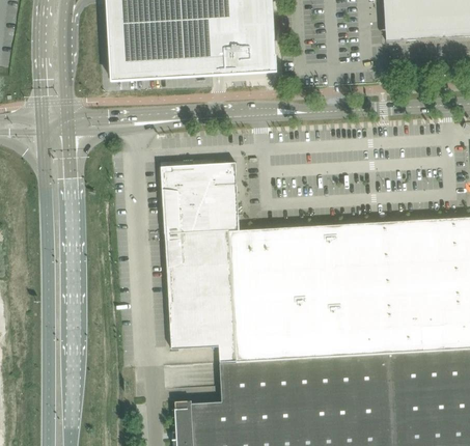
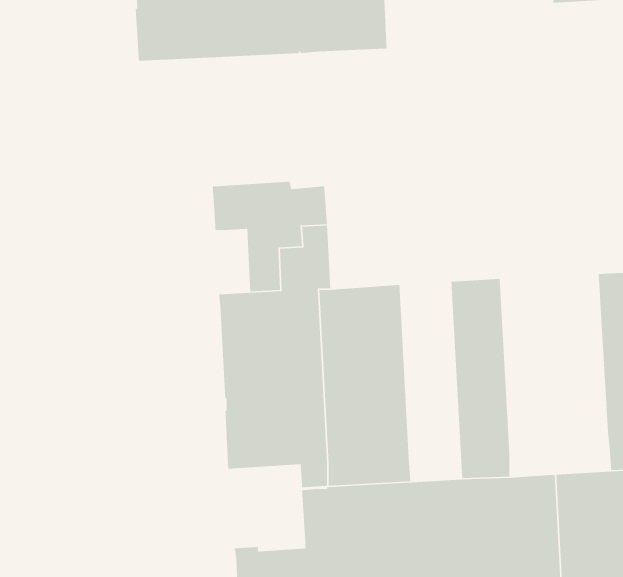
building: [163,192,186,234] -> none
building: [352,221,424,356] -> none
building: [285,226,326,359] -> none

